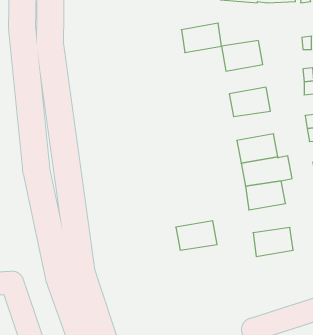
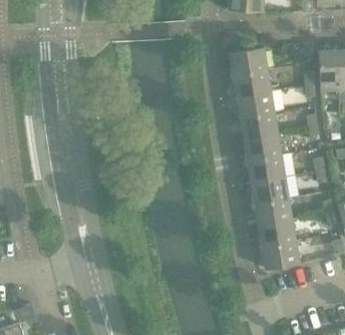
building: [181,23,222,53] -> [232,69,269,96]
building: none -> [239,112,276,139]
building: [176,221,217,250] -> [253,198,291,225]
building: none -> [260,241,298,269]

